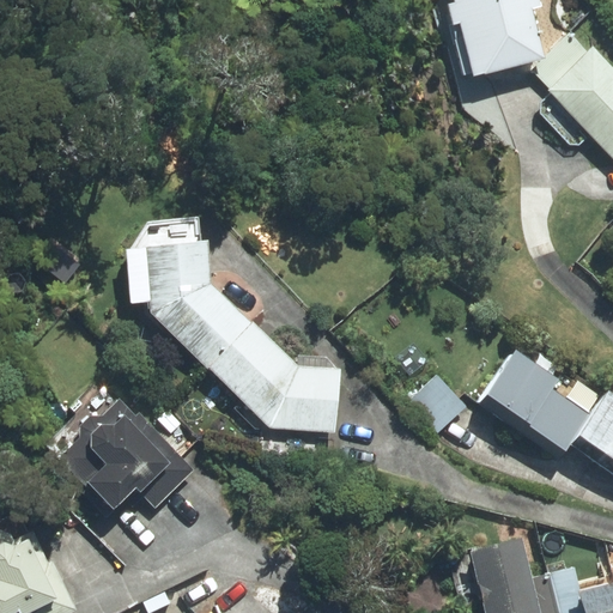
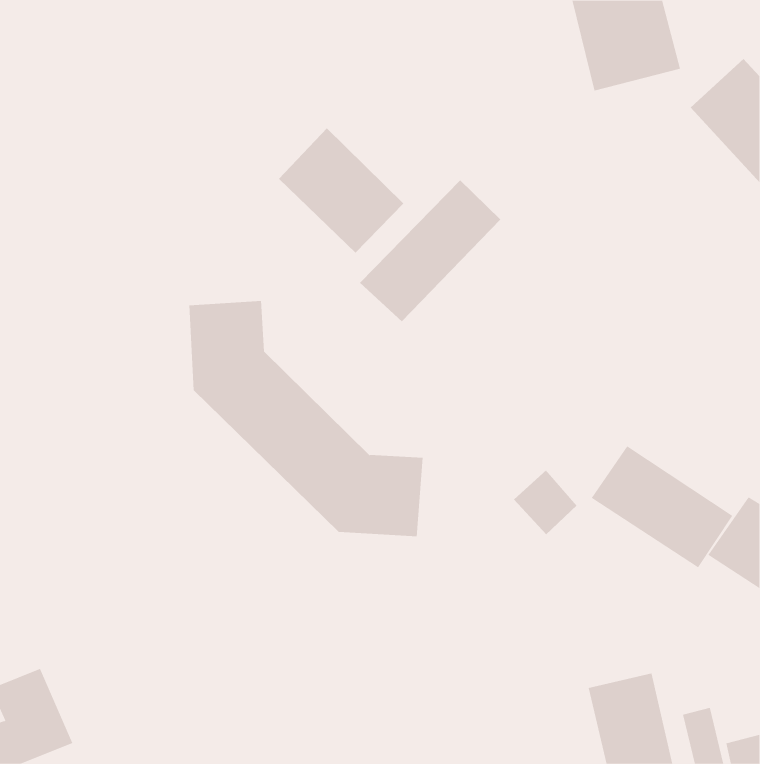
building: none -> [278,127,404,254]
building: none -> [359,179,501,322]
building: [59,401,188,514] -> none

